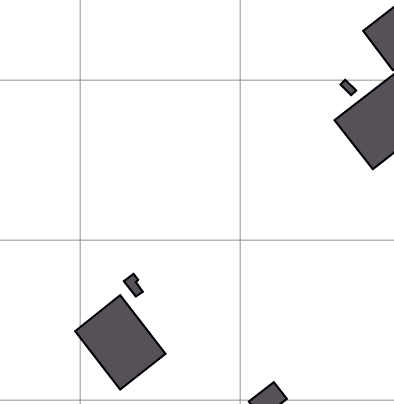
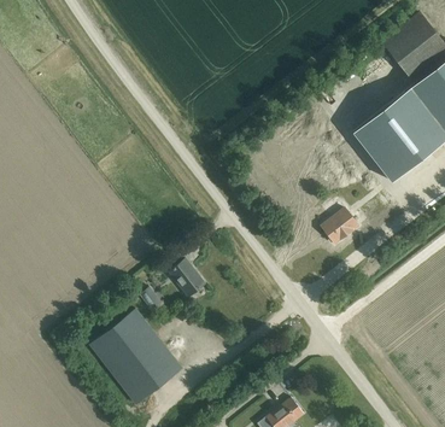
building: none -> [322,207,358,244]
building: none -> [169,259,205,297]

